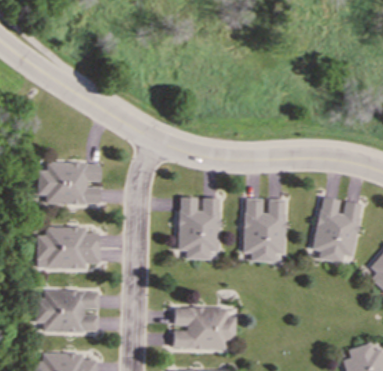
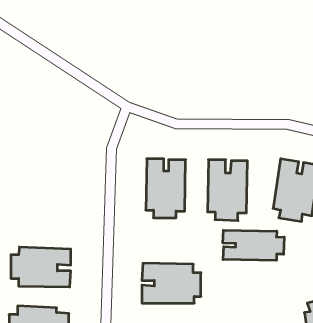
building: [39,162,101,205] -> none
building: [38,226,100,268] -> none
building: none -> [223,230,284,260]

